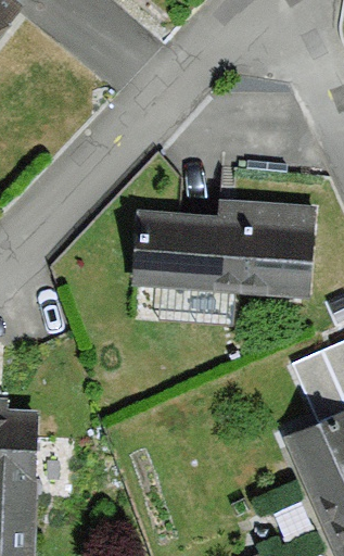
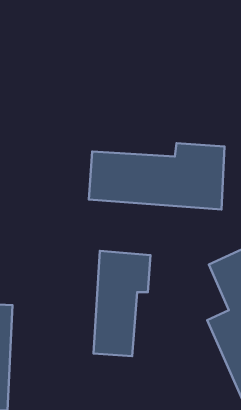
building: none -> [93,251,150,356]

